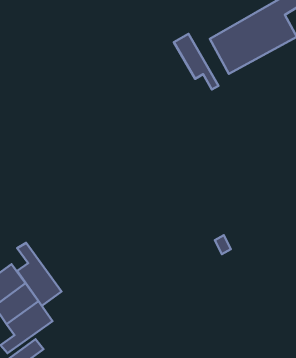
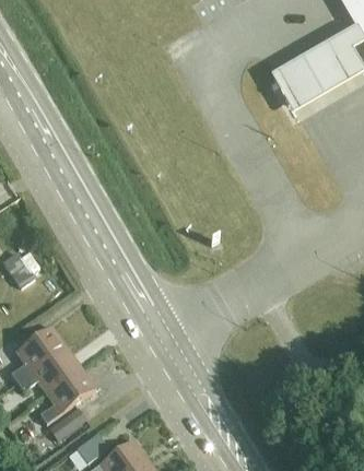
building: [174,34,218,89] -> none
building: [17,243,61,306] -> none

